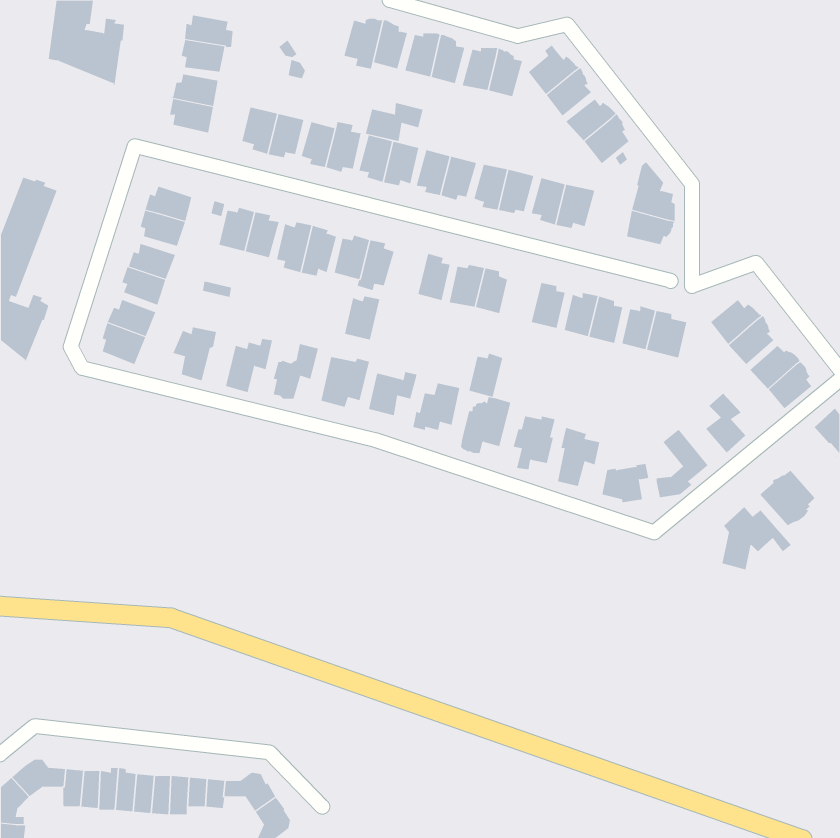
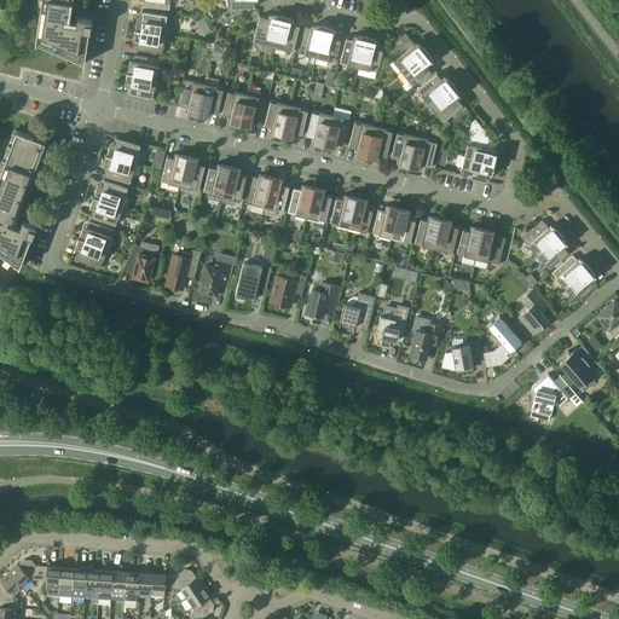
building: [365,102,423,142] -> none
building: [344,296,380,340] -> [288,185,314,218]
building: [469,353,503,397] -> [372,206,398,238]

